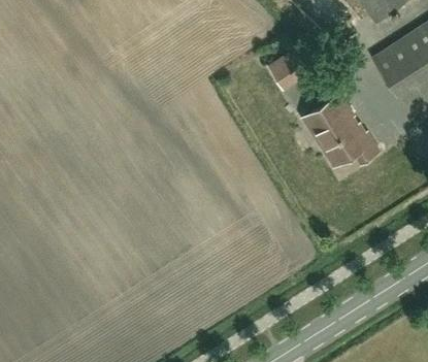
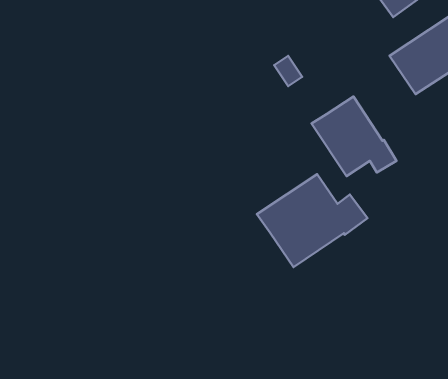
building: none -> [257,174,368,267]

